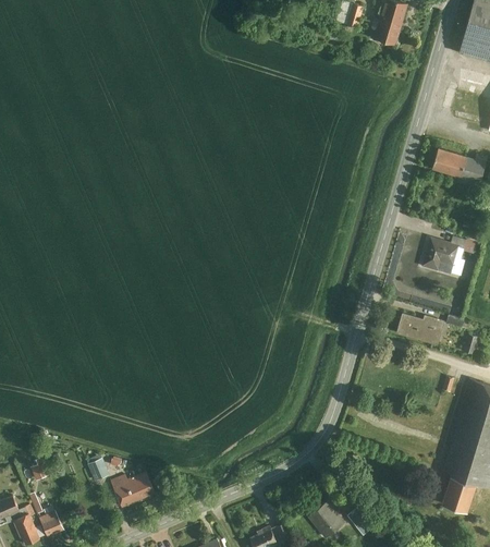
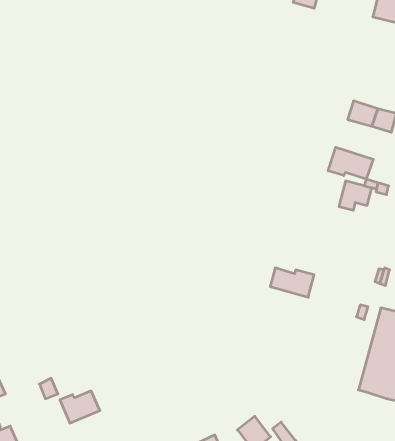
building: none -> [328,147,373,179]
building: [396,313,445,345] -> [270,268,314,297]
building: [444,473,477,509] -> none

